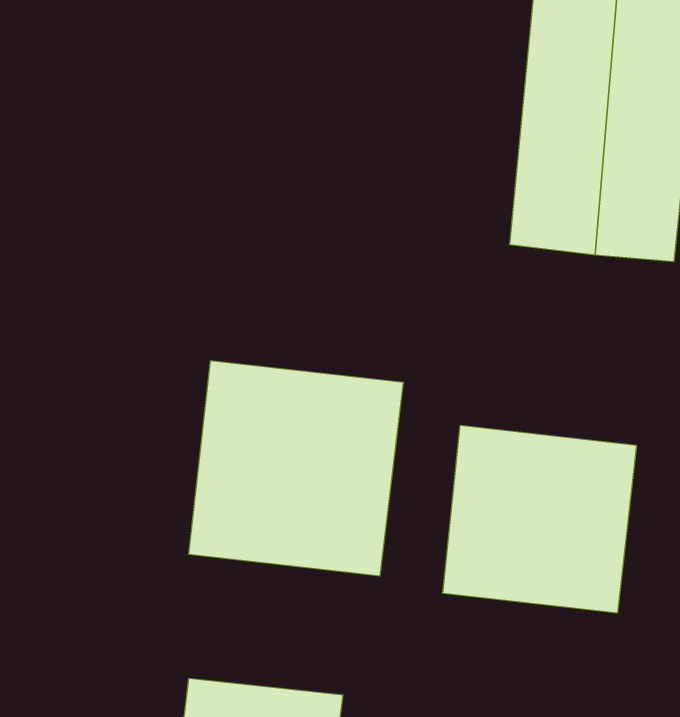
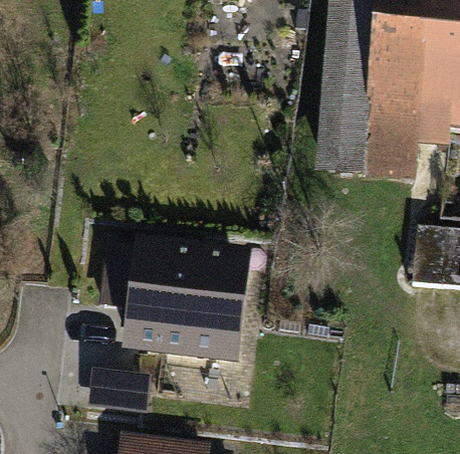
building: [443,425,636,613] -> none

